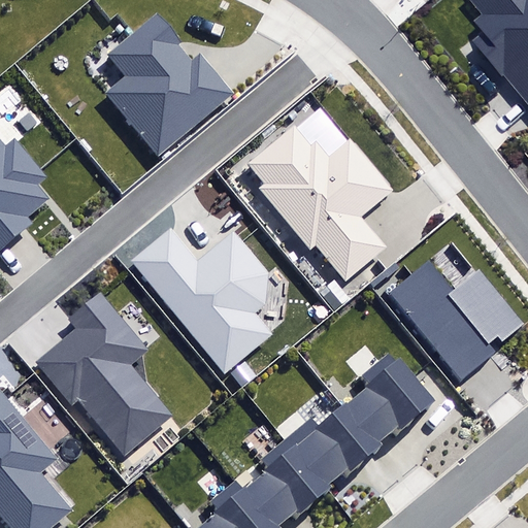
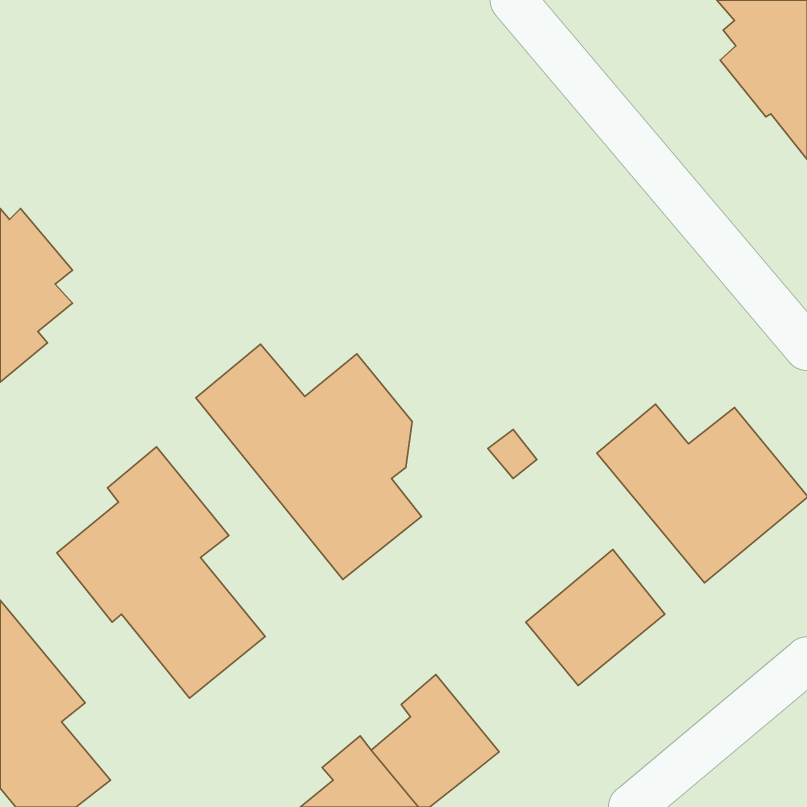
building: [106,13,234,156] -> none
building: [248,107,391,280] -> none
building: [285,406,377,491] -> none

